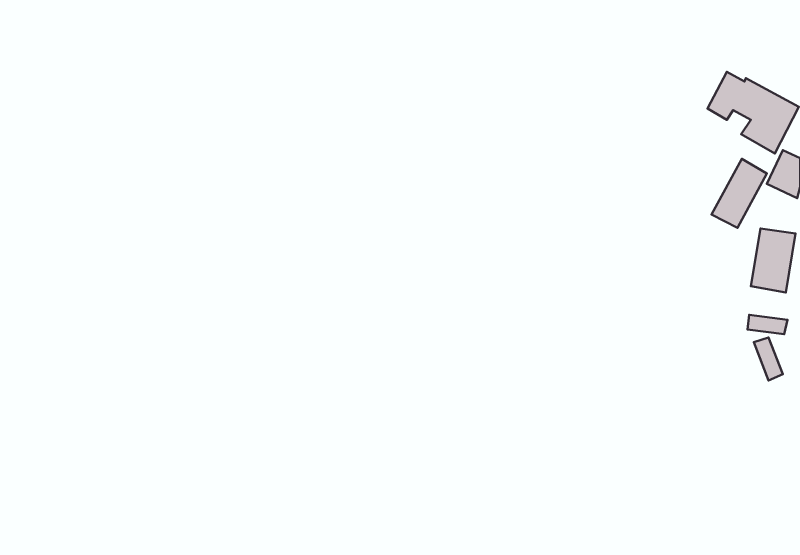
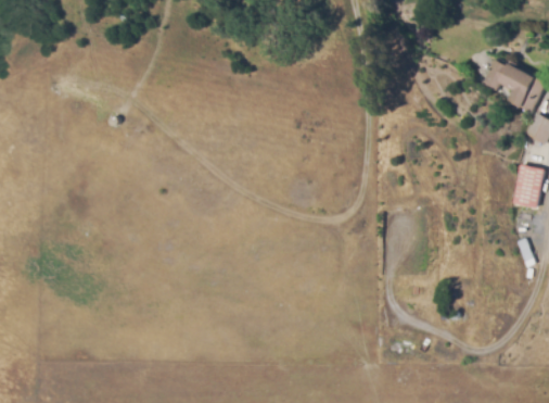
building: [712,159,767,228] -> none

